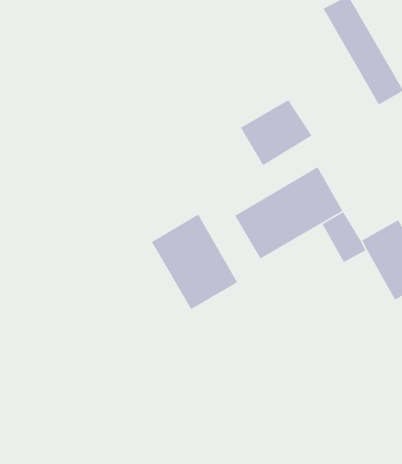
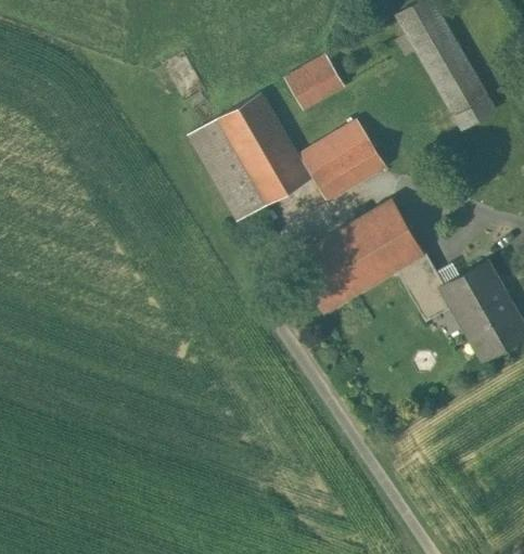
building: none -> [286,56,344,109]
building: none -> [190,95,310,222]
building: [151,213,238,310] -> none

